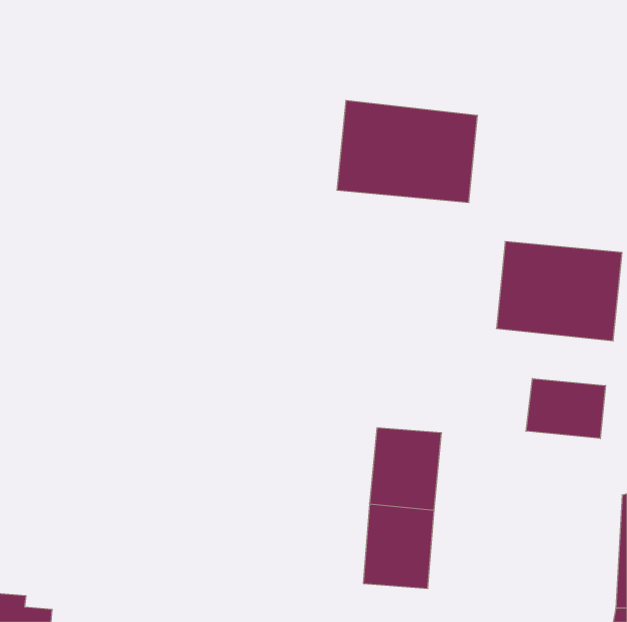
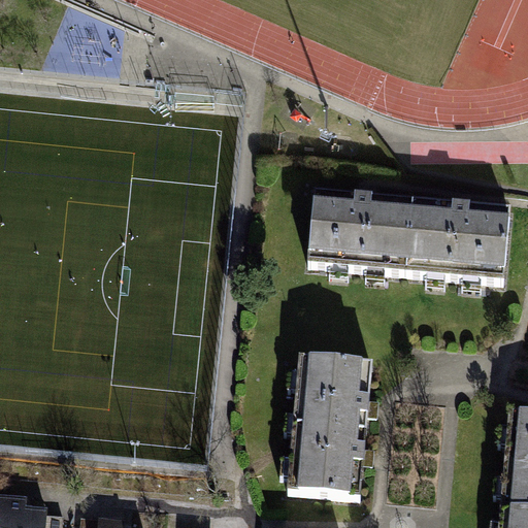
building: [337,100,478,202] -> [302,188,419,272]
building: [526,378,605,439] -> none

